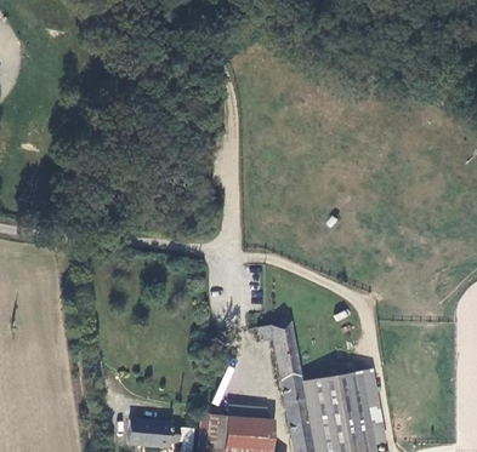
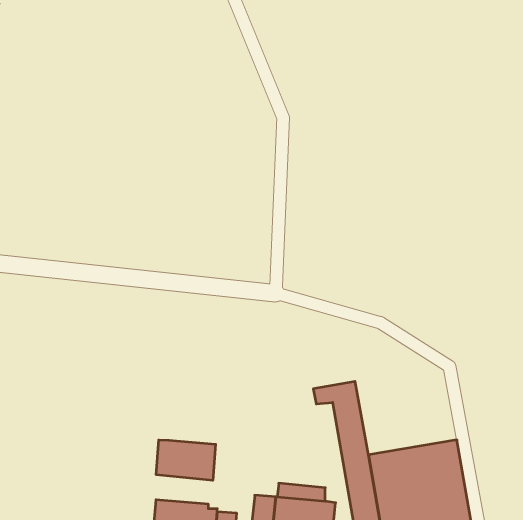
building: none -> [156,440,216,480]

